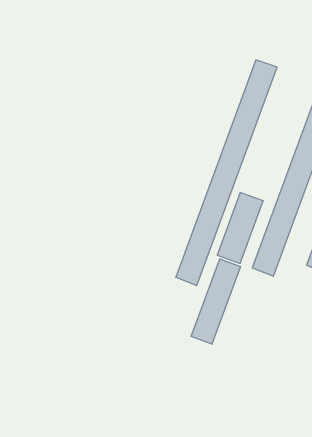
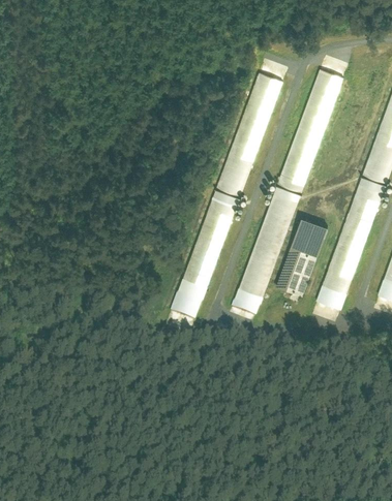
building: none -> [169,71,282,323]
building: [191,259,240,344] -> none

